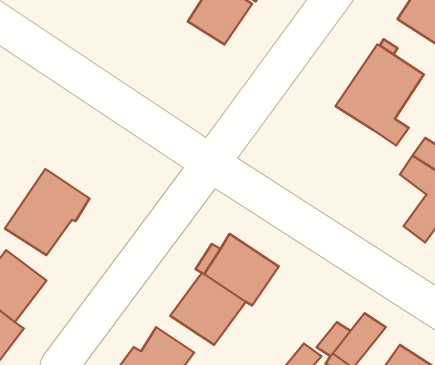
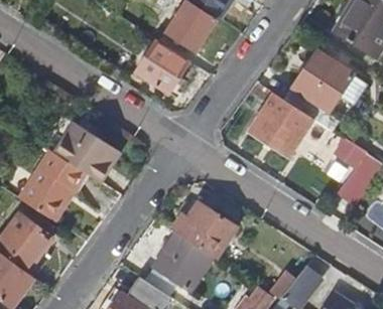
building: none -> [136,41,188,93]
building: none -> [250,94,312,155]
building: none -> [52,121,119,181]

